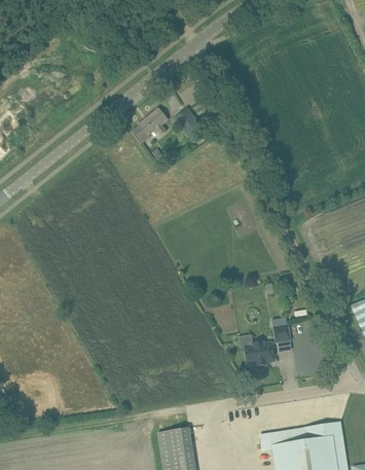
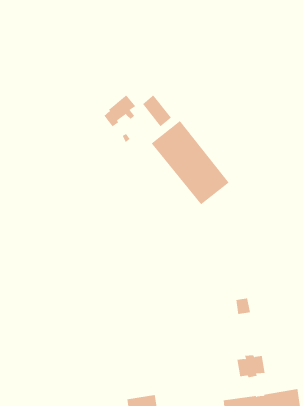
building: none -> [151,120,230,205]
building: [244,341,275,366] -> [236,355,265,378]

